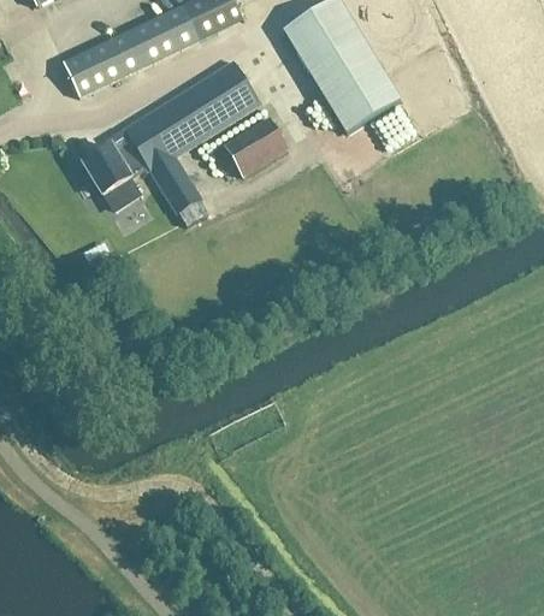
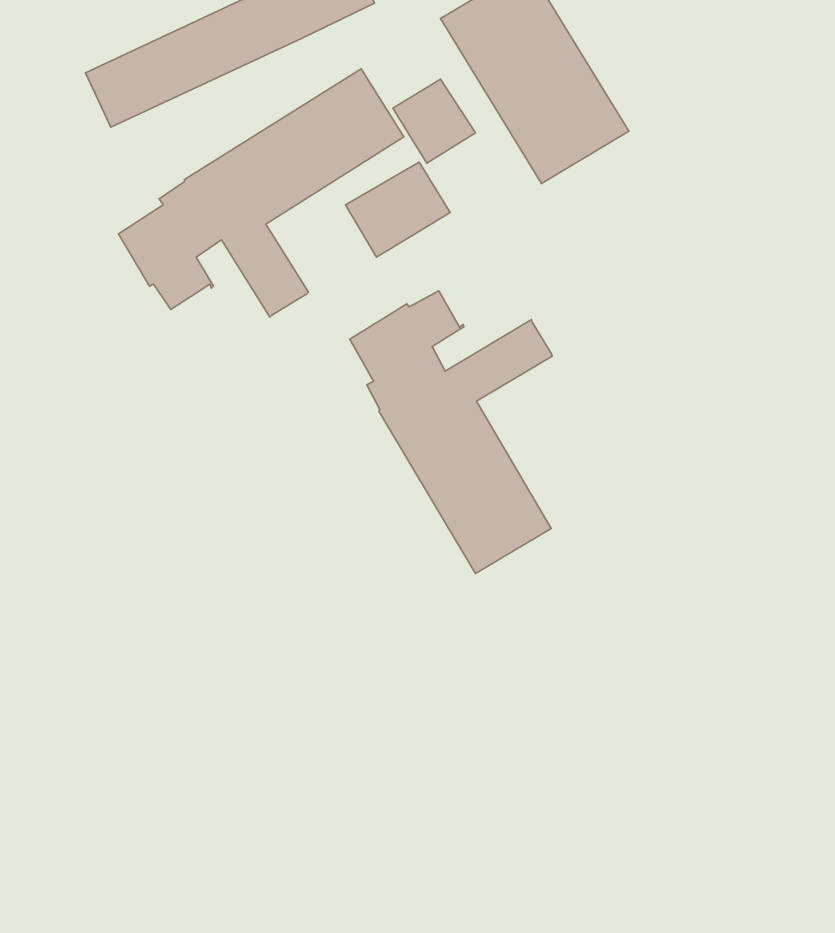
building: none -> [393,79,475,163]
building: none -> [350,291,552,574]

